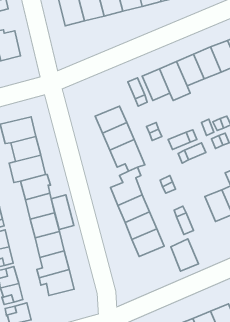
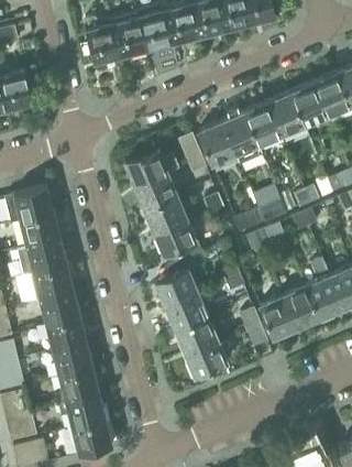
building: none -> [123,149,178,186]
building: [51,195,74,229] -> none
building: [171,239,198,271] -> [258,295,296,339]
building: none -> [70,421,111,455]

